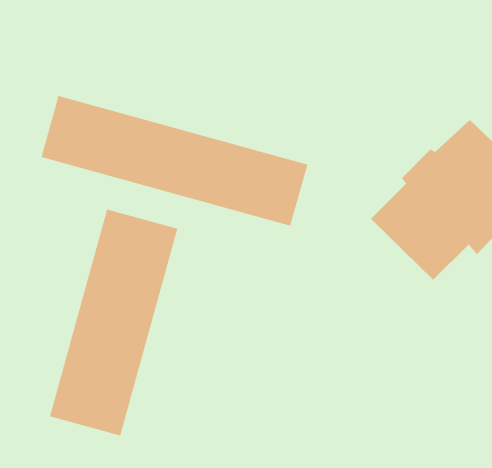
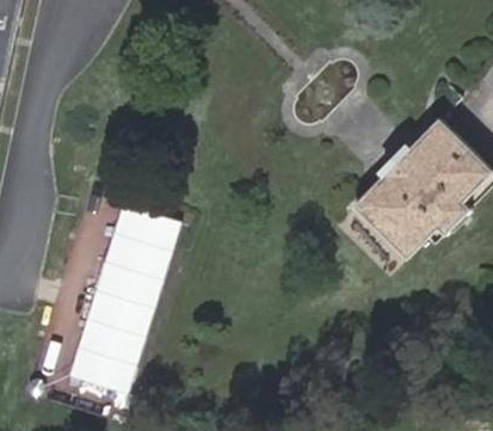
building: [41,95,308,227] -> none

